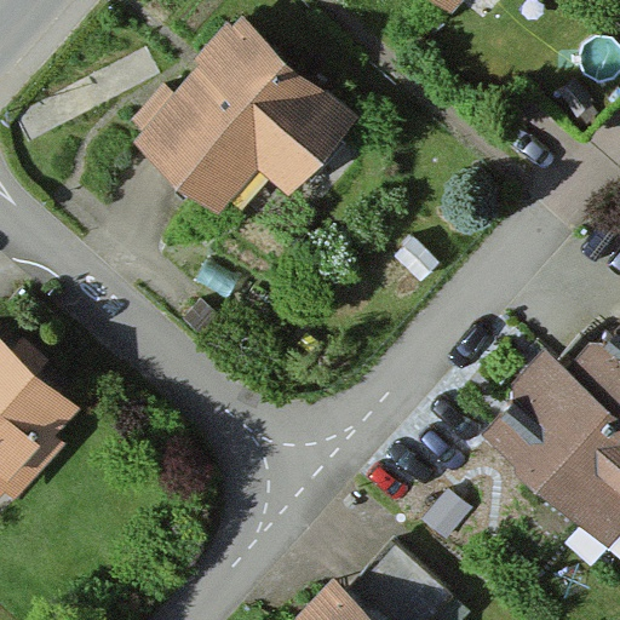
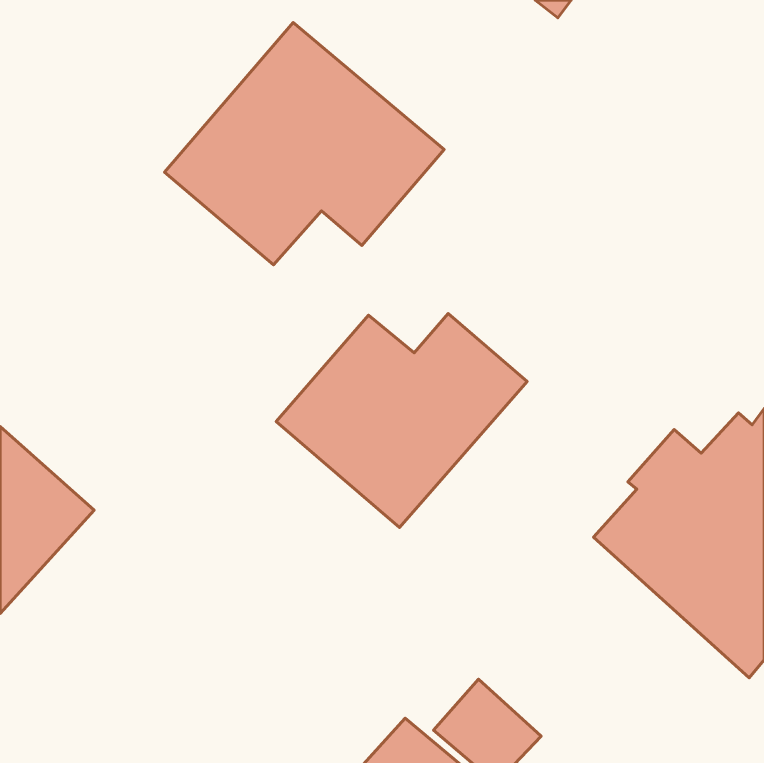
building: none -> [276,314,527,528]

